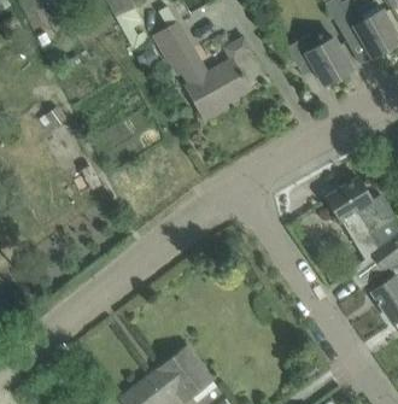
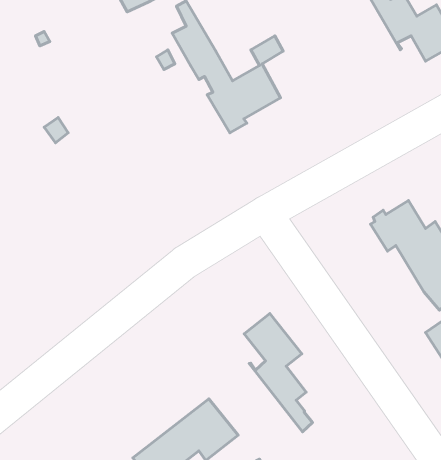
building: [287,34,352,86] -> none
building: none -> [244,314,313,432]

